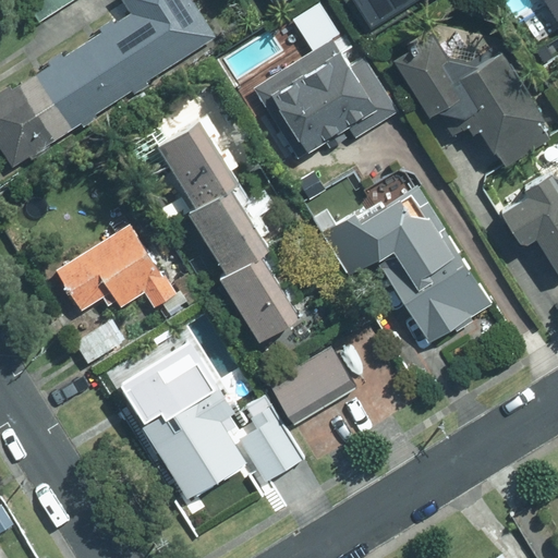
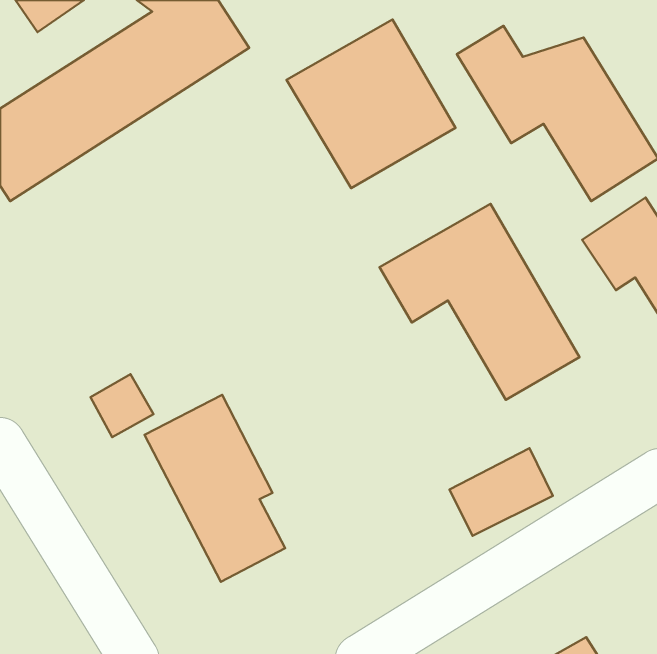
building: [137,121,311,345] -> none
building: [53,221,181,317] -> none
building: [271,345,359,420] -> [449,448,553,536]
building: [232,410,302,485] -> none

